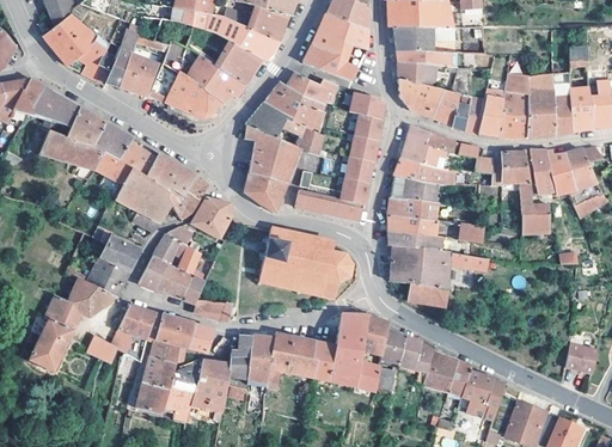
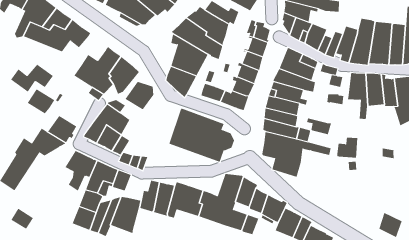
building: [97,142,157,184] -> [10,64,53,93]
building: [521,203,550,233] -> [336,137,358,158]
building: [102,235,141,270] -> [27,88,55,114]
building: [87,335,120,363] -> [11,208,34,229]

